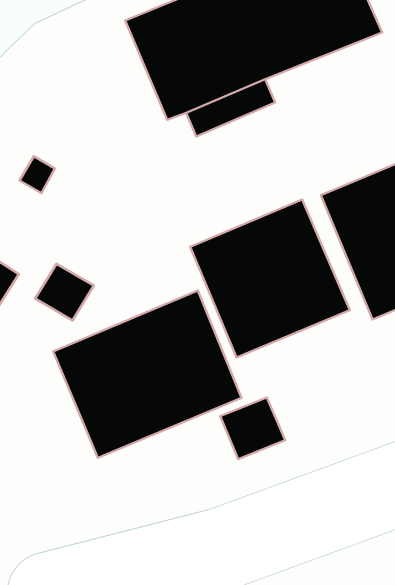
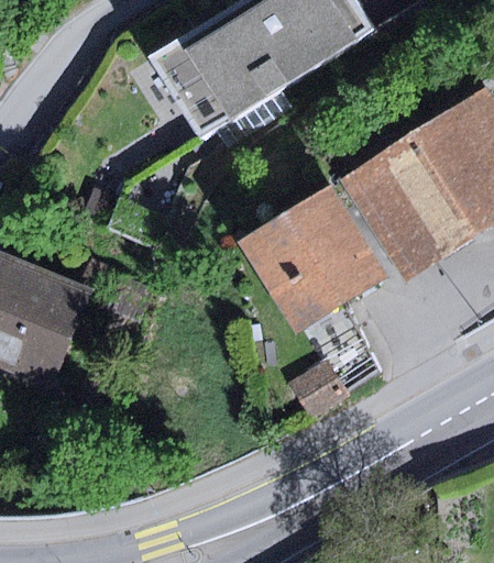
building: [53,290,241,458] -> none

